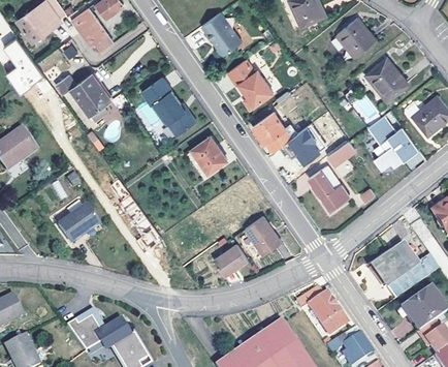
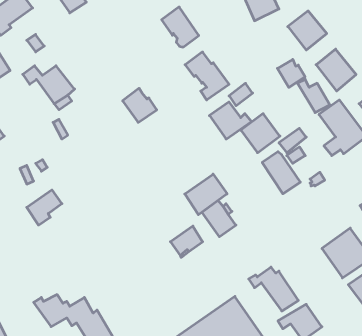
building: [71,14,114,51] -> none
building: none -> [277,59,305,87]
building: [143,77,179,112] -> none
building: [191,135,227,174] -> none
building: none -> [185,174,227,215]

